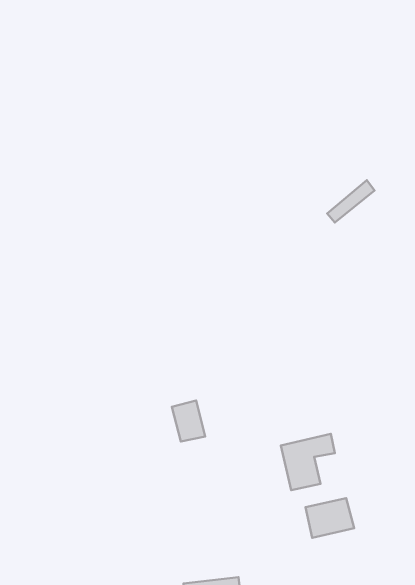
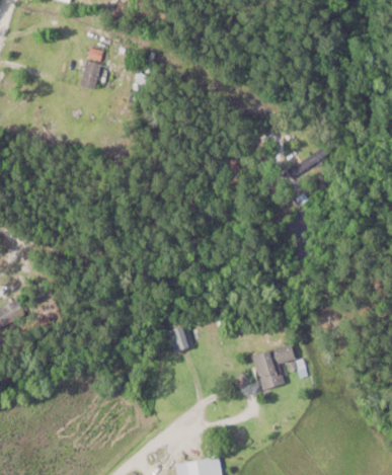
building: none -> [80,59,101,88]
building: [305,498,354,538] -> none

